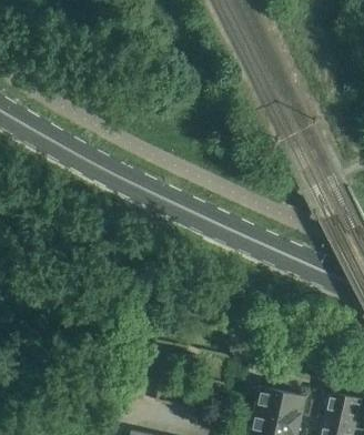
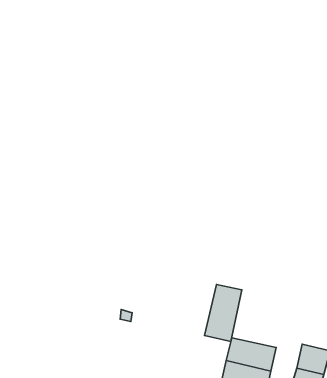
building: none -> [205,284,242,341]

